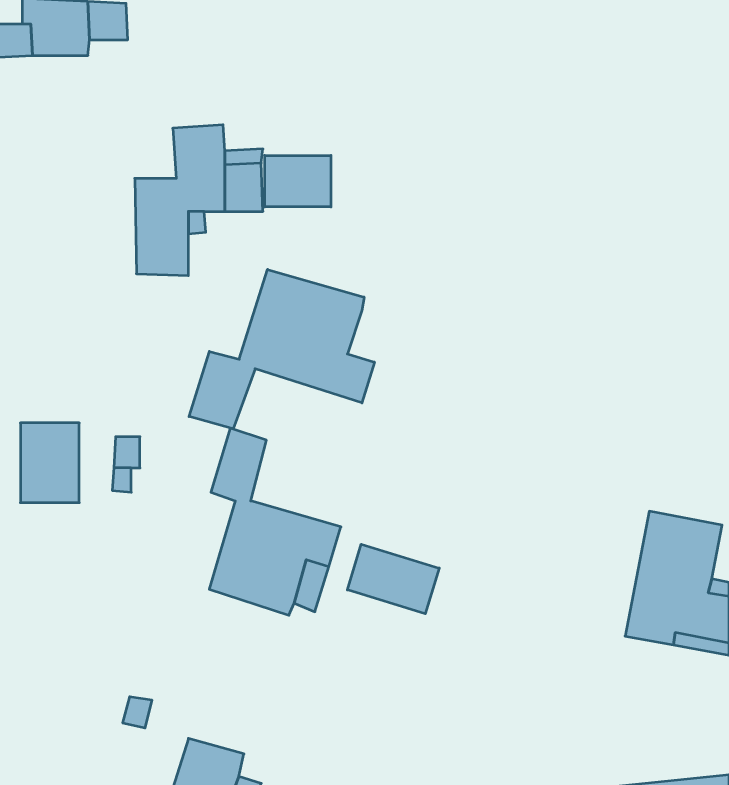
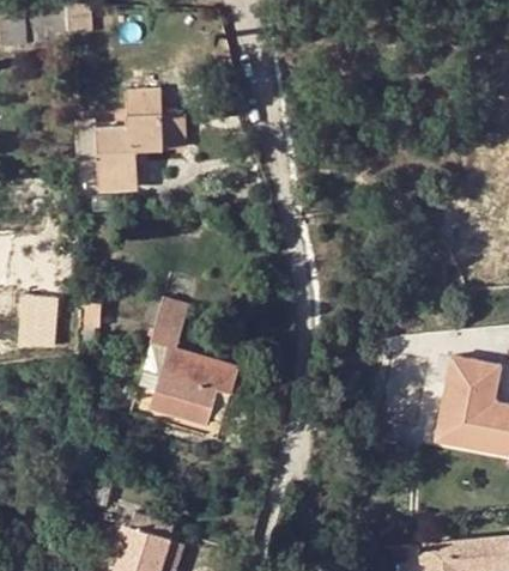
building: [265,155,331,207] -> none
building: [189,269,374,429] -> none
building: [347,544,439,614] -> none

